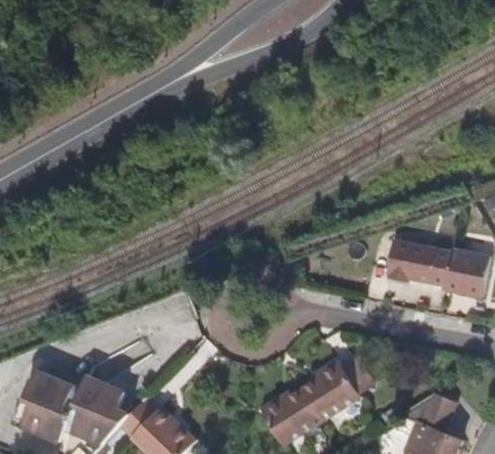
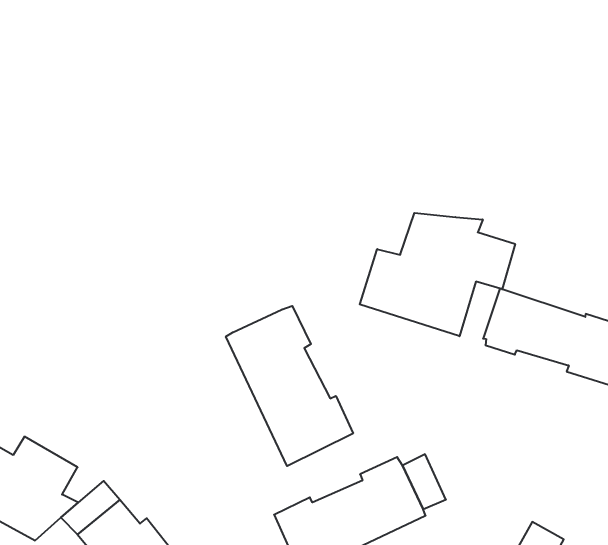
building: none -> [360,213,515,336]
building: none -> [226,306,353,466]

